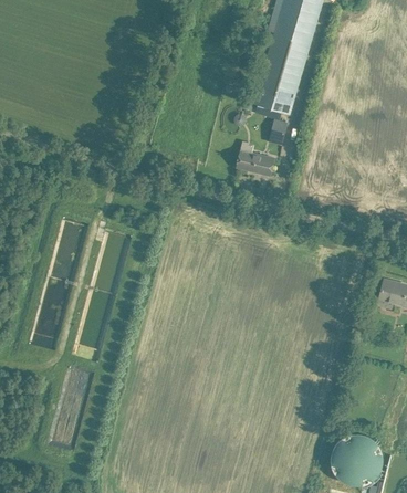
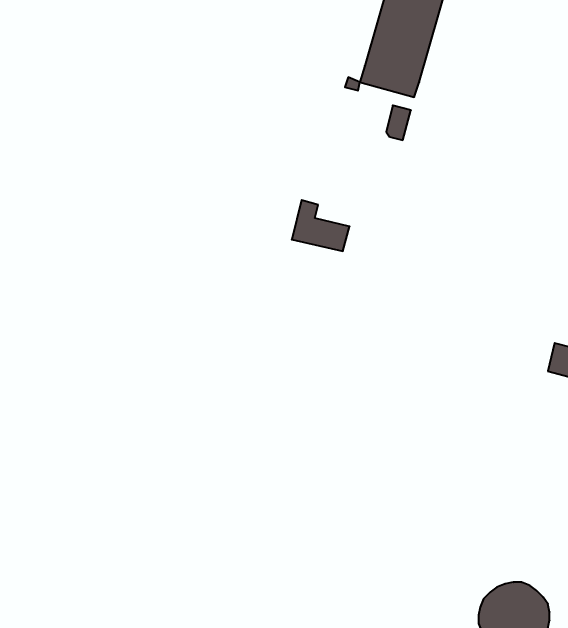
building: [236,143,274,177] -> [292,200,350,251]

